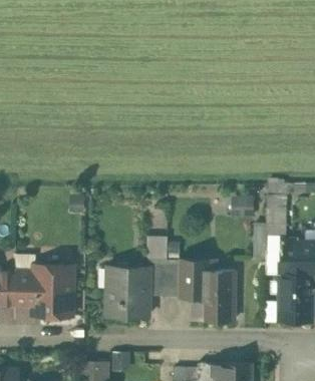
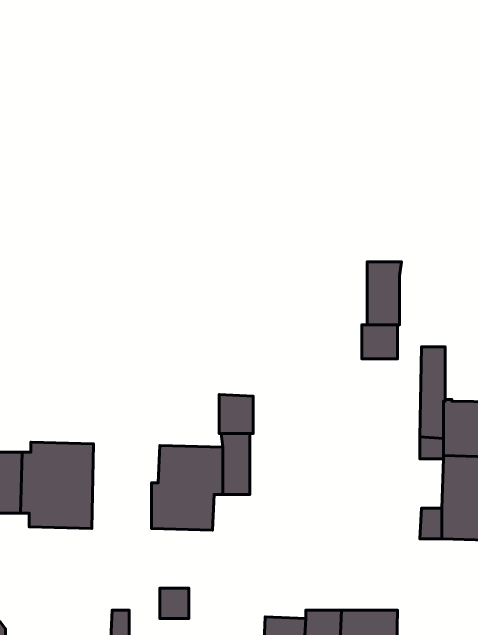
building: none -> [367,262,401,325]
building: [166,259,190,296] -> none
building: [192,271,235,320] -> none

